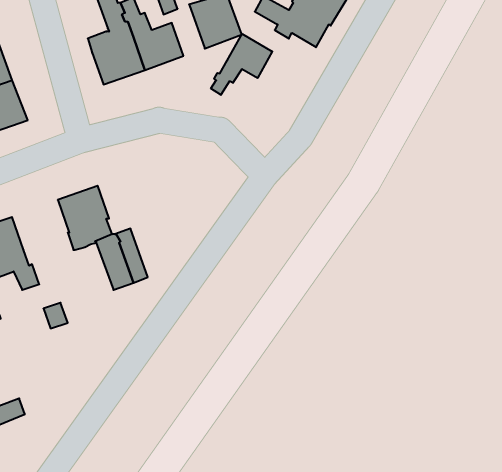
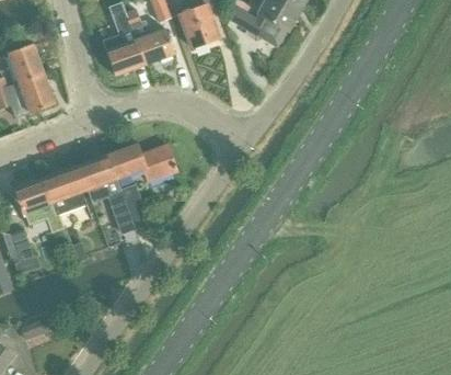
building: [211,34,272,95] -> none
building: none -> [108,141,176,180]
building: none -> [43,163,86,214]

